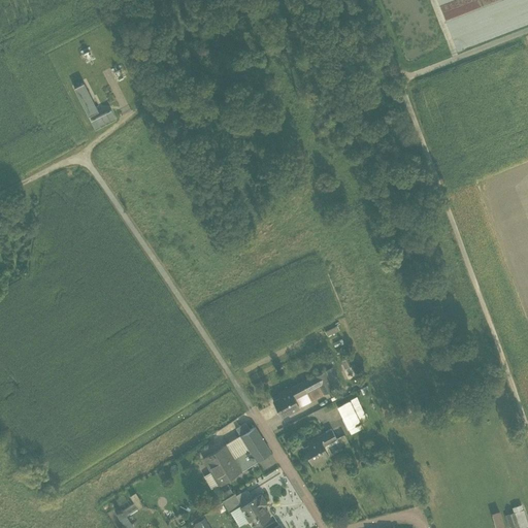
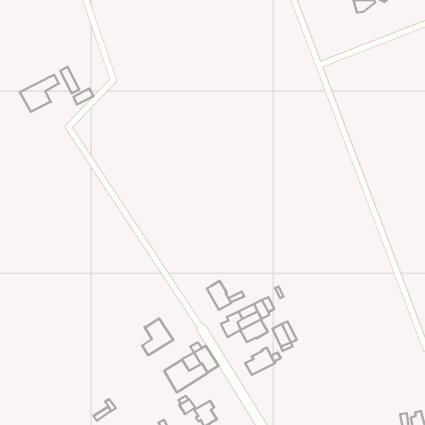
building: none -> [20,75,59,112]
building: none -> [207,281,231,310]
building: none -> [142,319,173,355]
building: none -> [240,319,268,342]

